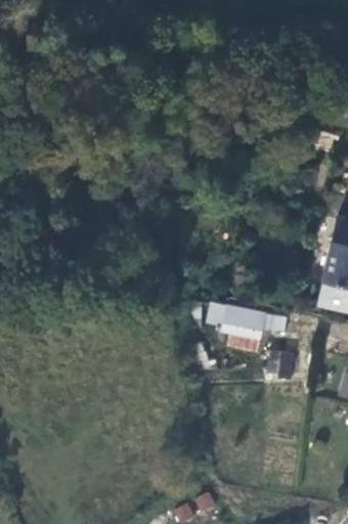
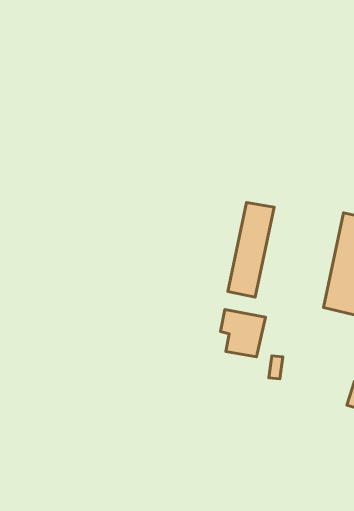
building: none -> [228,202,274,297]

